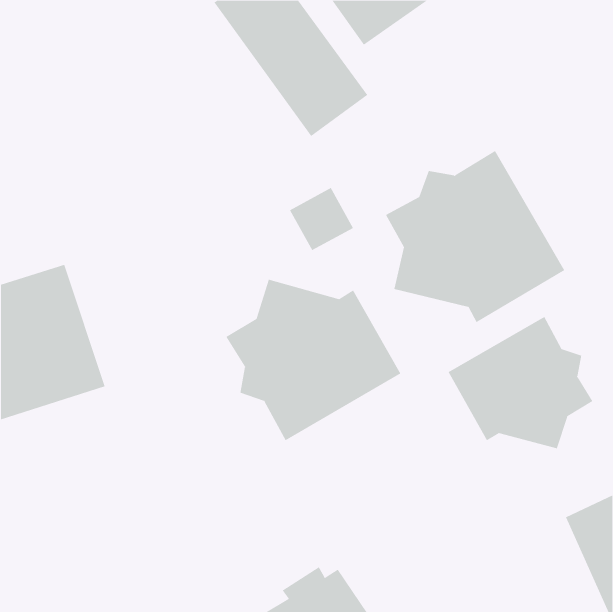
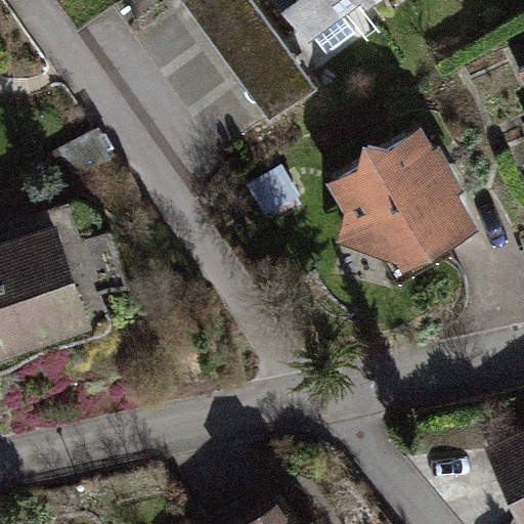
building: [226,279,401,441] -> none
building: [448,316,593,449] -> none

